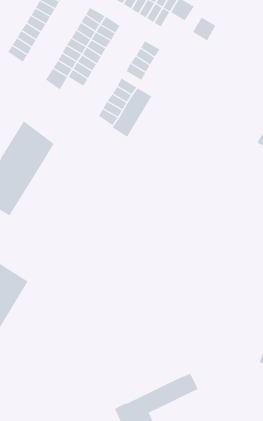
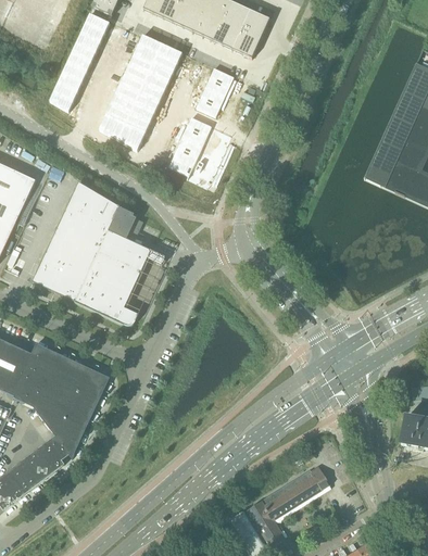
building: [192,17,216,42] -> [232,28,261,58]
building: none -> [118,122,147,150]
building: none -> [75,205,151,325]

